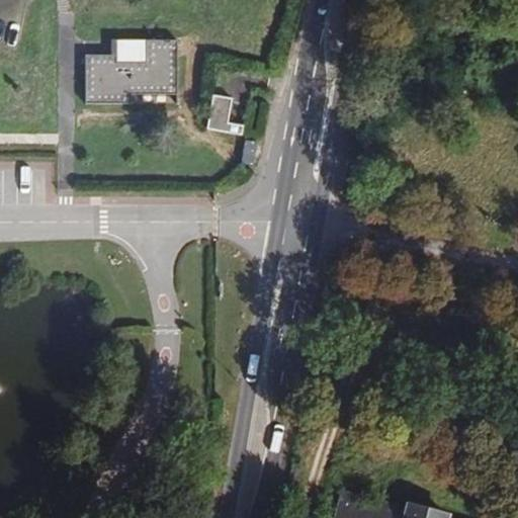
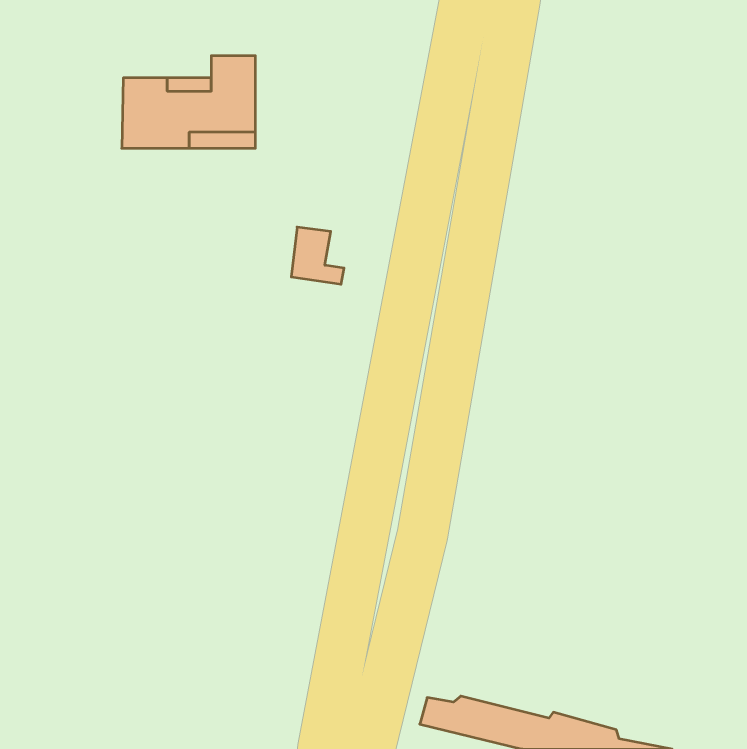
building: [205,95,242,135] -> [291,227,344,284]

